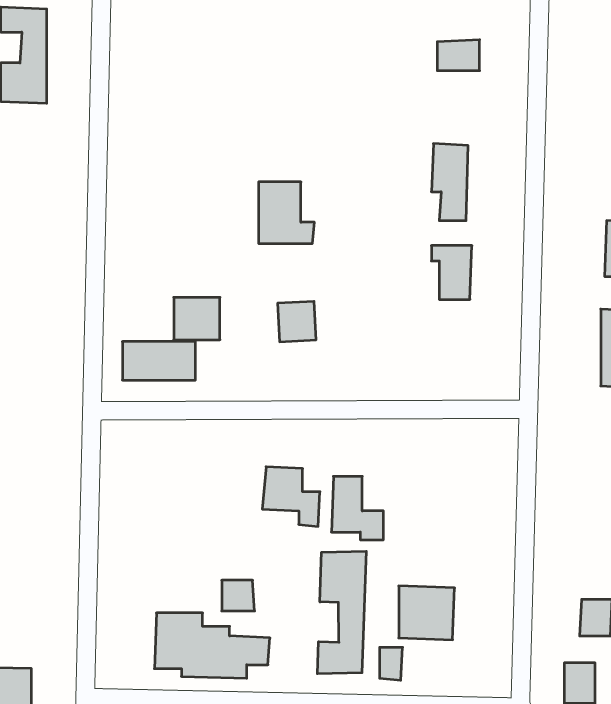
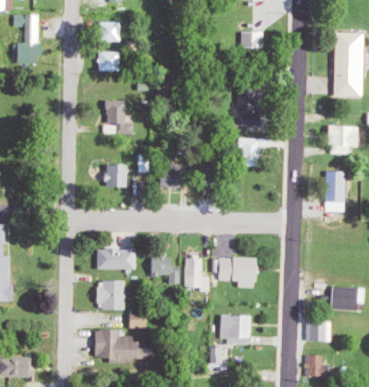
building: none -> [98,22,122,41]
building: none -> [98,52,122,71]
building: [259,182,314,243] -> [106,101,135,133]
building: [122,342,195,380] -> [97,249,135,269]
building: none -> [218,257,255,287]
building: none -> [96,281,125,310]
building: [317,551,366,674] -> none

